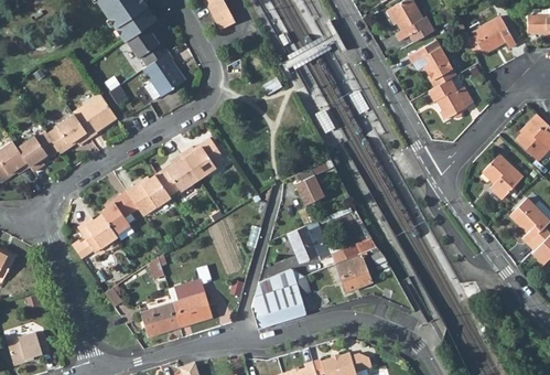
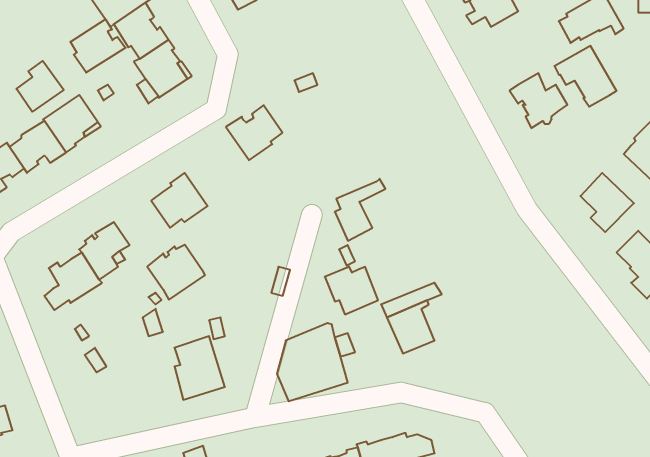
building: none -> [70,19,126,73]
building: [409,40,456,86] -> [554,46,617,107]
building: none -> [16,61,64,112]
building: [181,137,224,179] -> [226,105,282,160]
building: [127,174,171,216] -> [147,245,205,300]
building: [141,301,180,336] -> none

